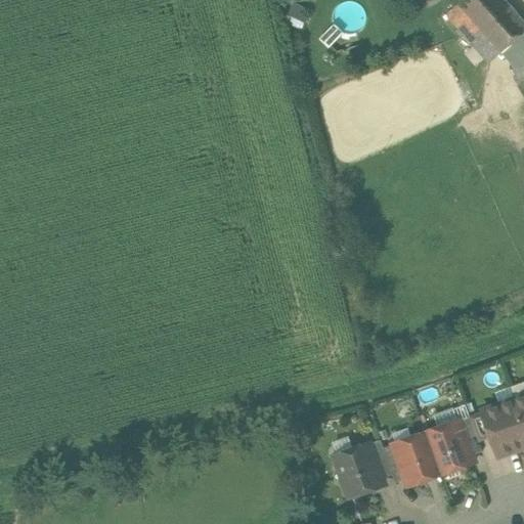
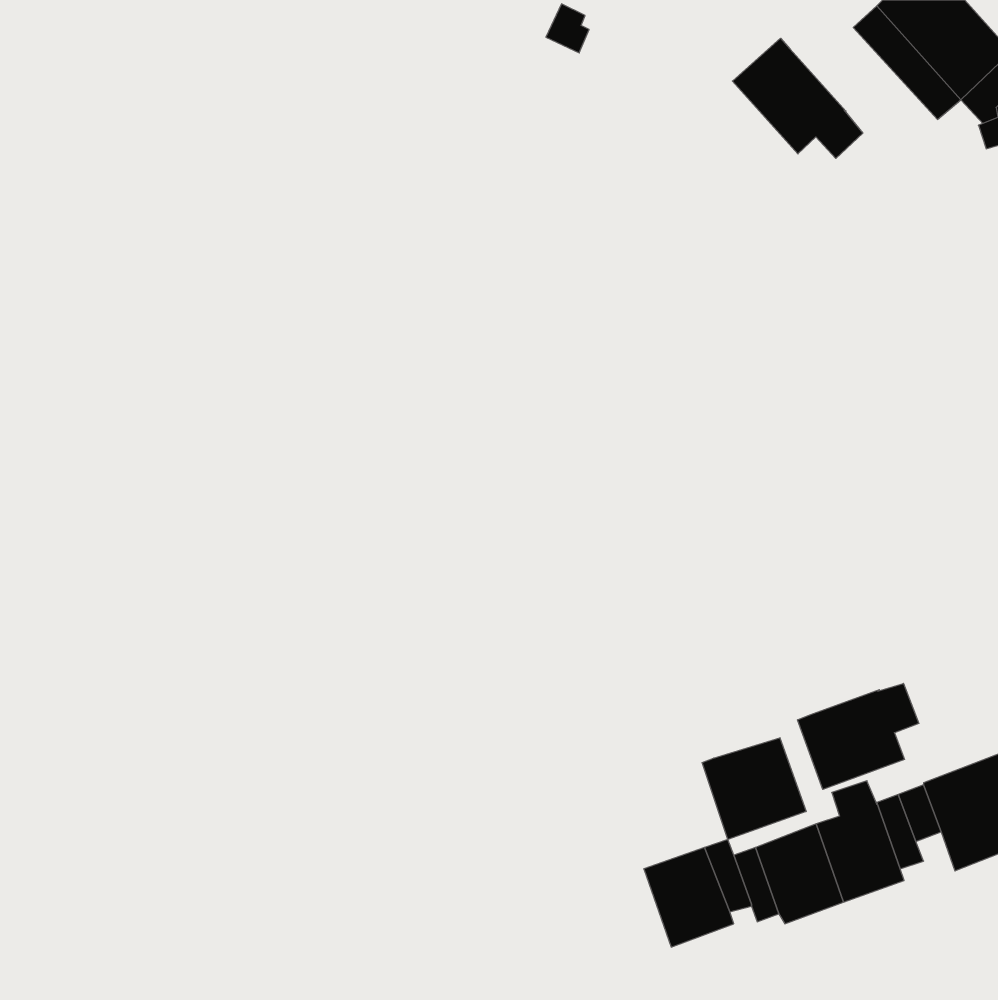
building: none -> [732,38,863,158]
building: none -> [798,683,919,789]
building: none -> [702,738,806,840]

